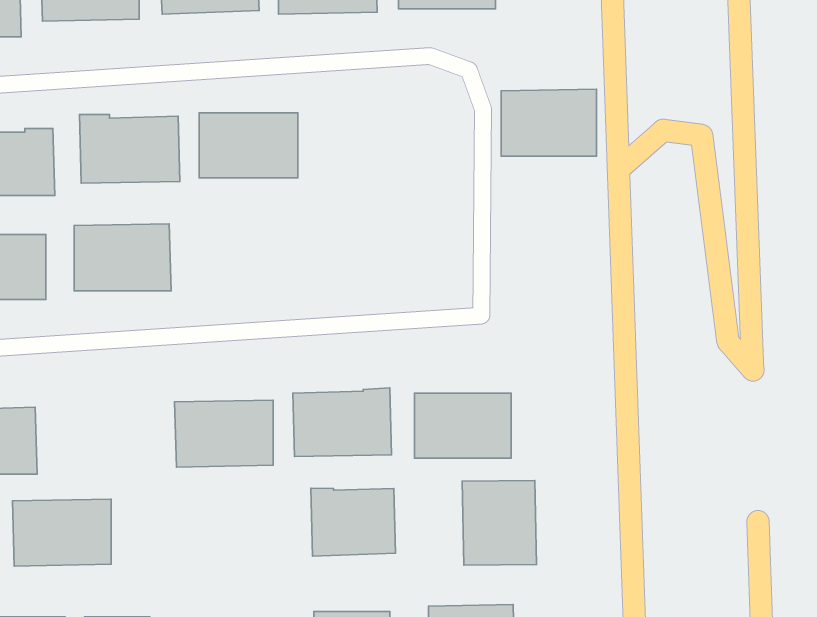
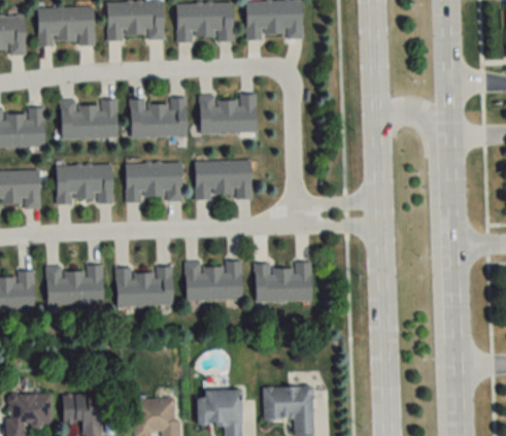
building: [501,89,596,156] -> [200,95,256,134]
building: none -> [195,160,252,199]
building: none -> [126,162,182,201]
building: [462,481,537,565] -> none
building: [311,488,395,556] -> none
building: [12,499,111,566] -> [46,266,104,305]

